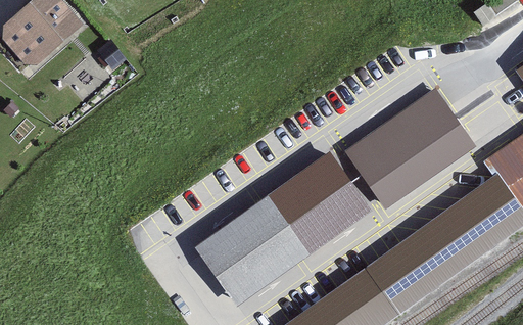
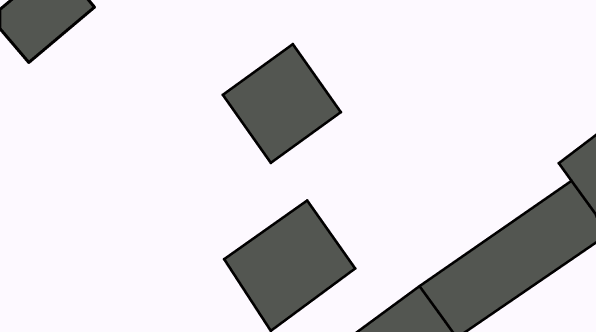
building: [346,87,472,202] -> none
building: [269,148,372,251] -> [223,44,341,163]

